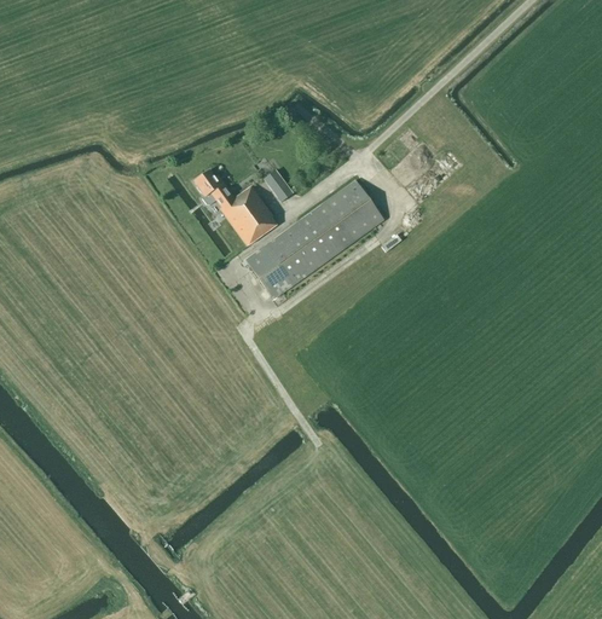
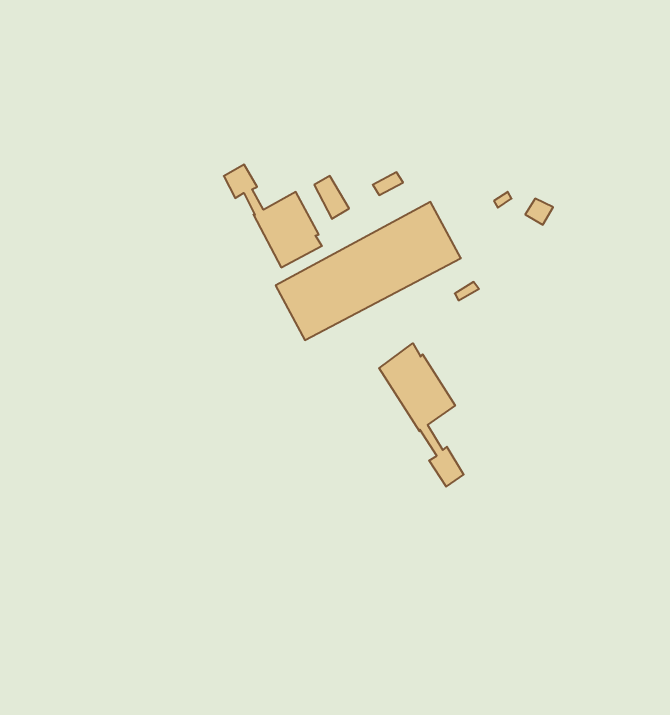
building: none -> [379,343,464,487]

